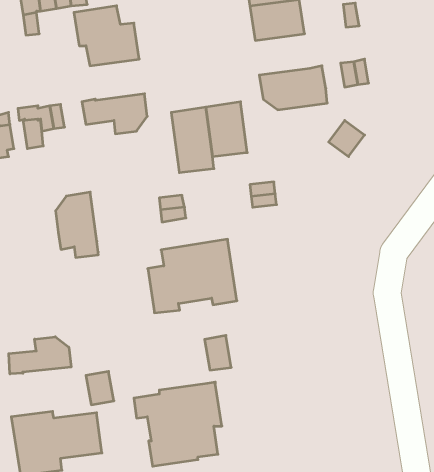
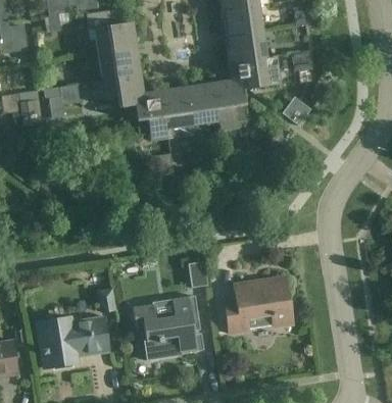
building: none -> [226,30,267,61]
building: none -> [99,49,141,81]
building: none -> [214,80,247,130]
building: [56,192,98,257] -> [135,90,167,140]
building: [148,239,237,313] -> [225,278,293,334]
building: [9,337,71,374] -> none

